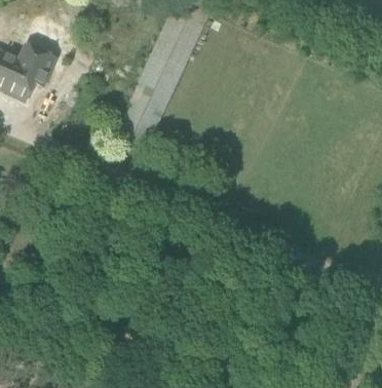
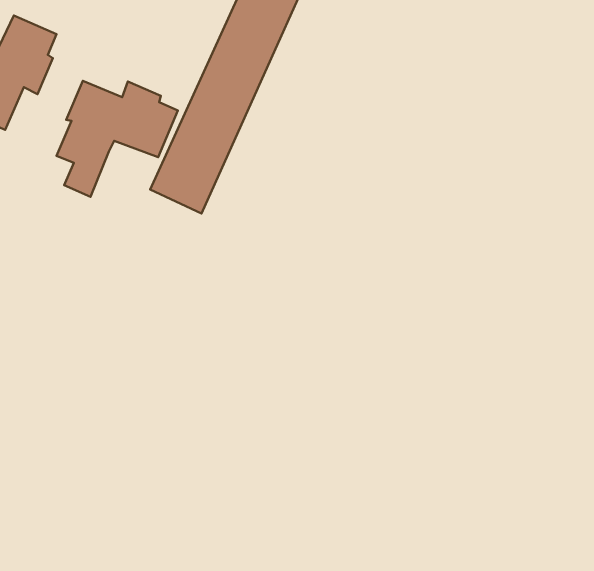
building: none -> [56,81,178,197]

